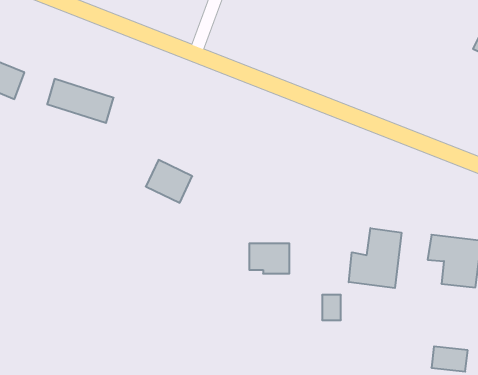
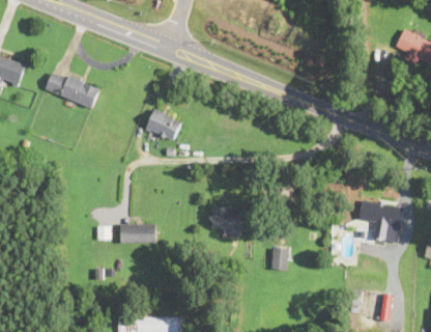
building: [146,160,192,203] -> [144,108,182,143]
building: [349,228,401,288] -> none
building: none -> [119,223,155,243]

